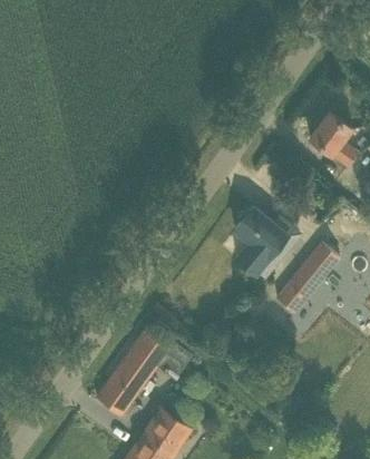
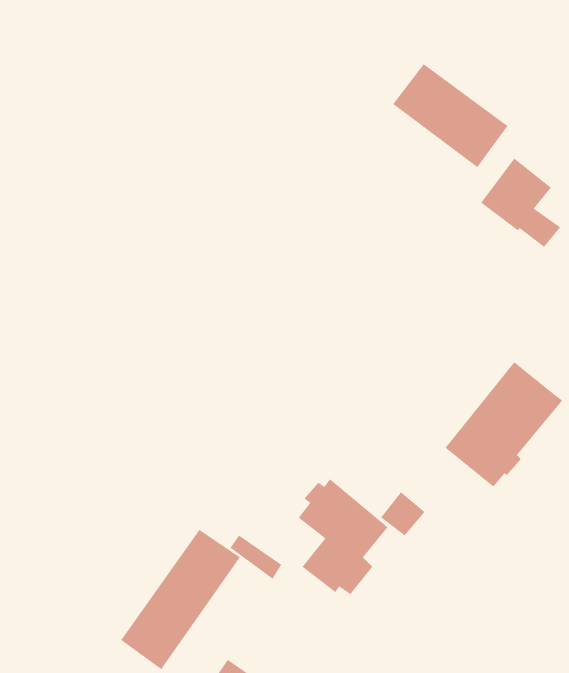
building: none -> [392,63,509,168]
building: [233,207,286,276] -> [298,478,388,595]

